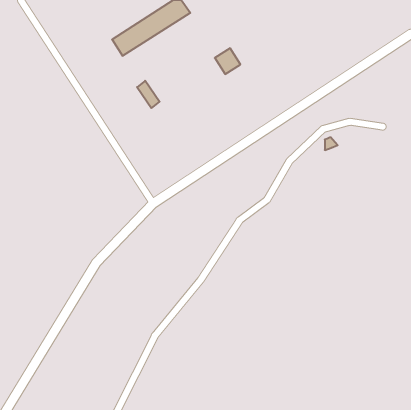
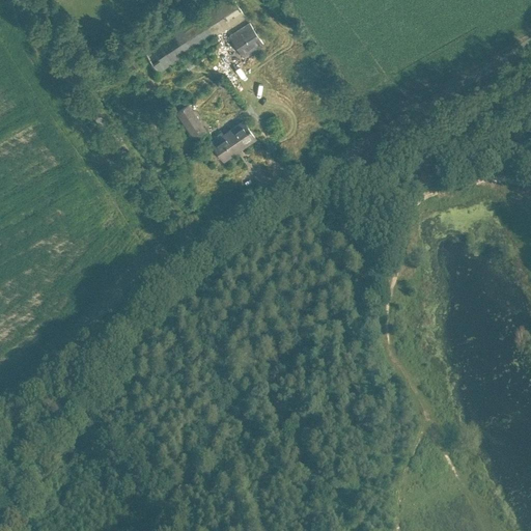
building: [215,48,240,74] -> [229,26,262,59]
building: none -> [212,123,254,162]

